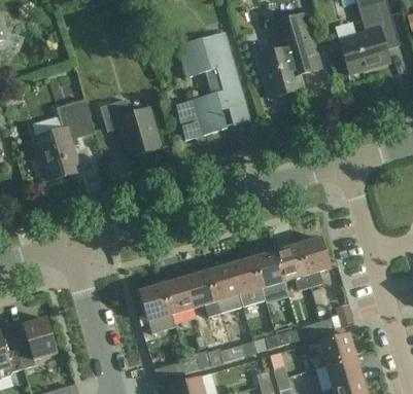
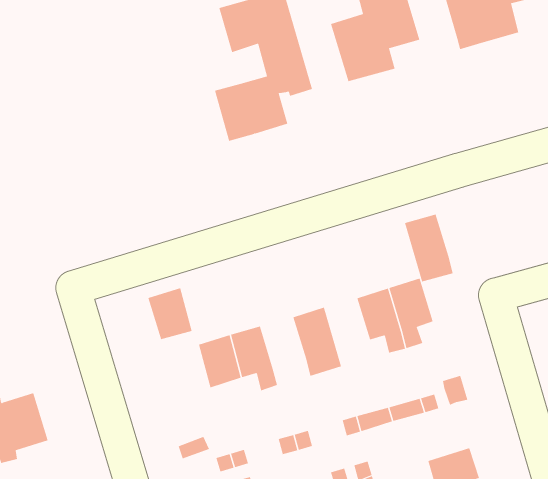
building: [36,99,96,180] -> none
building: [101,99,161,156] -> none
building: [253,251,288,299] -> [404,214,454,282]
building: [208,264,240,301] -> none
building: [140,284,172,321] -> [148,288,193,340]
building: [313,333,356,368] -> none

